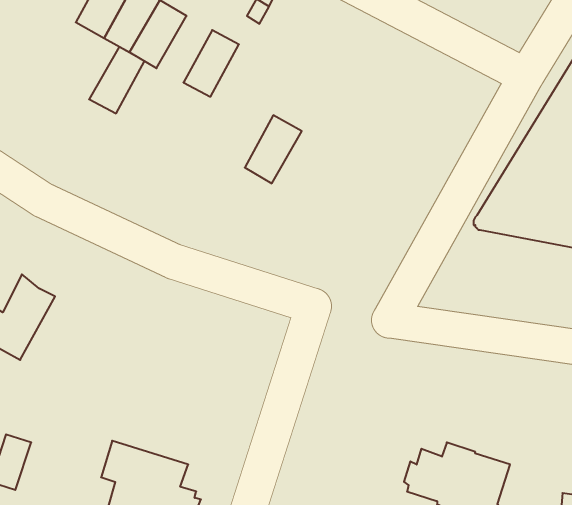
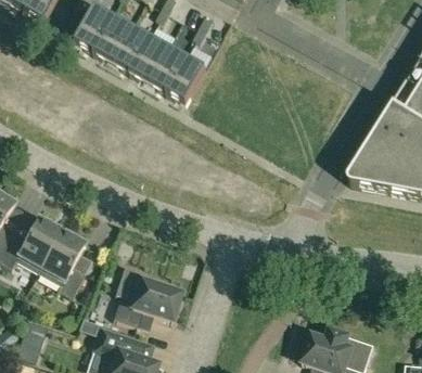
building: [89,47,145,113] -> [130,35,168,80]
building: [245,115,302,183] -> [167,54,206,101]
building: none -> [37,227,86,294]
building: none -> [113,262,181,323]

